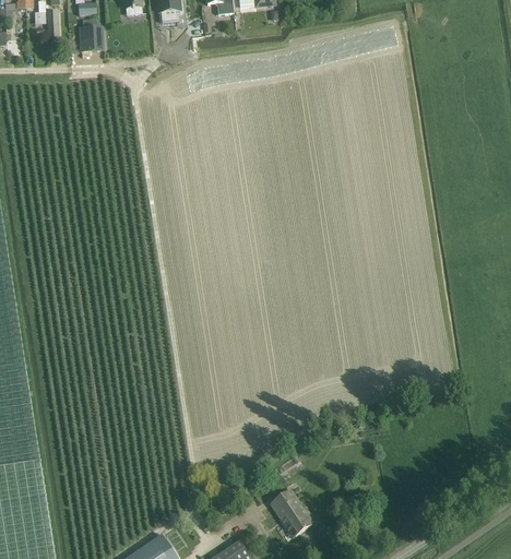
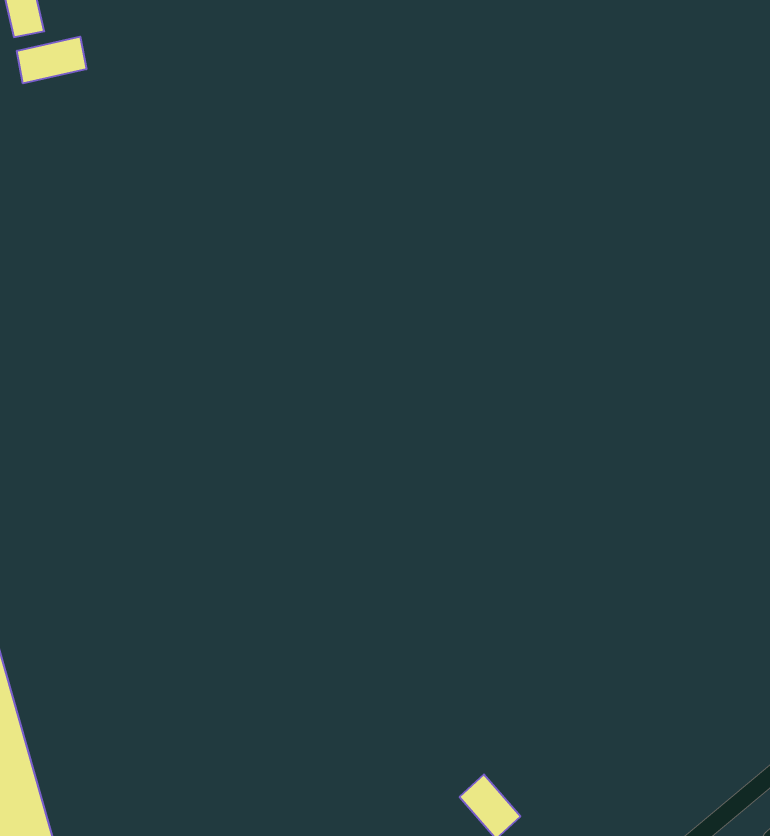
building: none -> [17,37,86,83]

